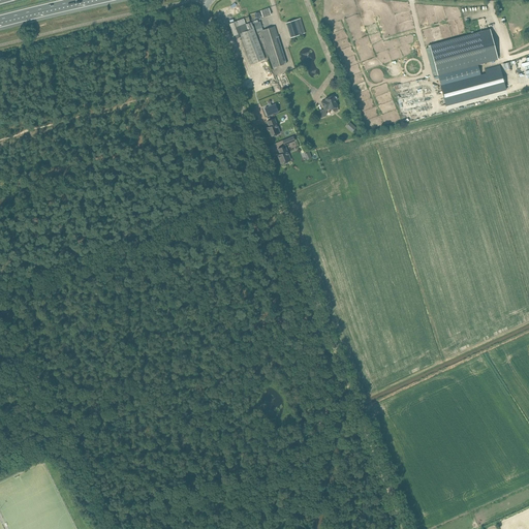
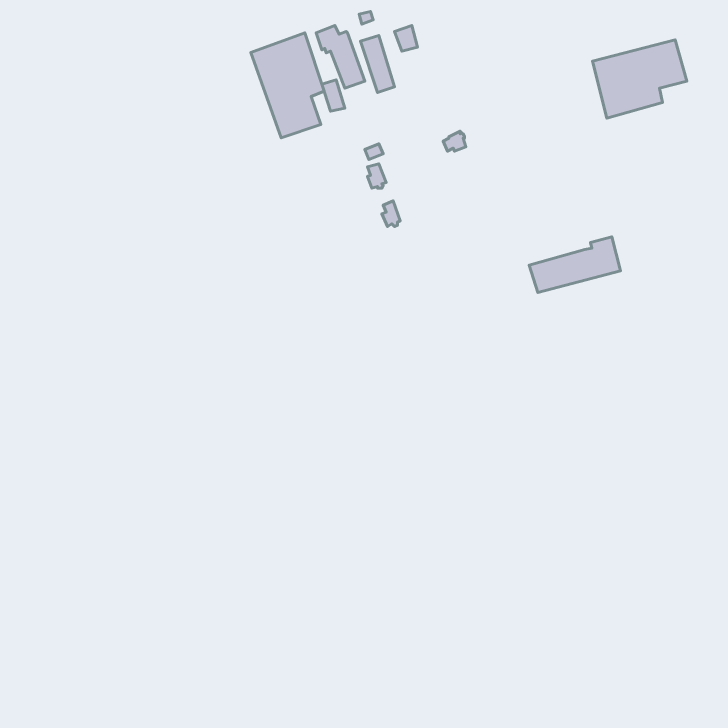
building: none -> [251,33,324,138]
building: [440,65,506,105] -> [529,237,620,292]

